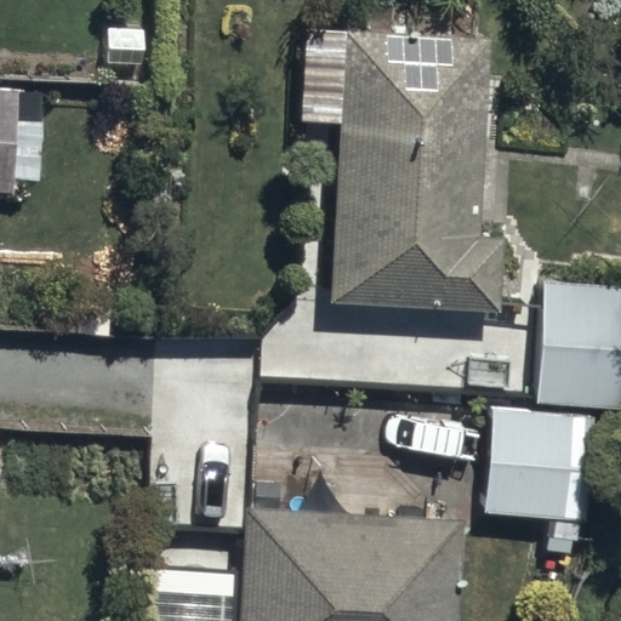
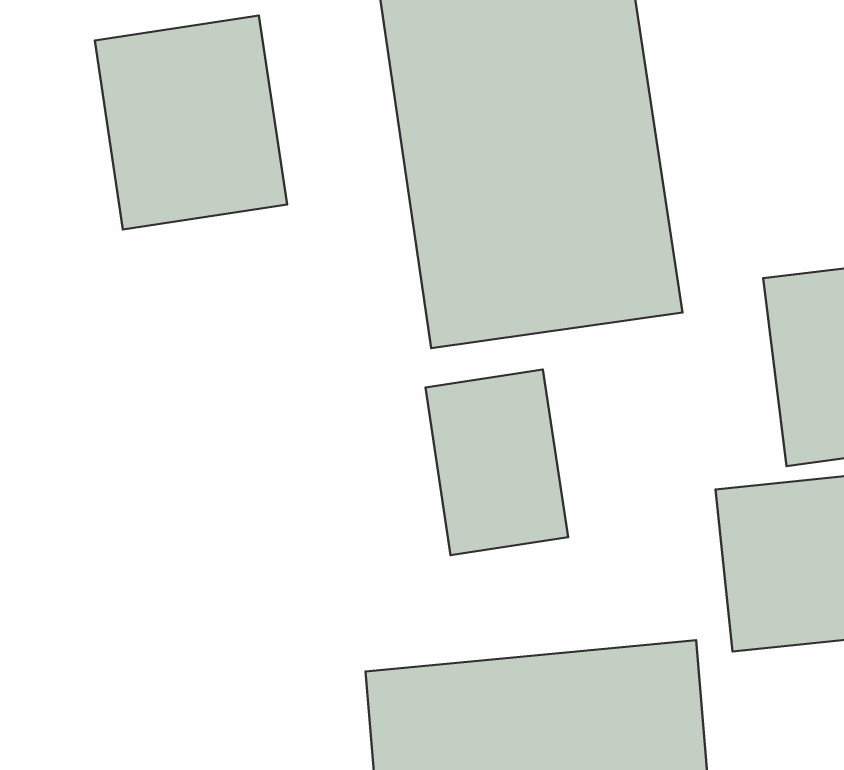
building: none -> [95,16,287,229]
building: none -> [425,370,568,555]

